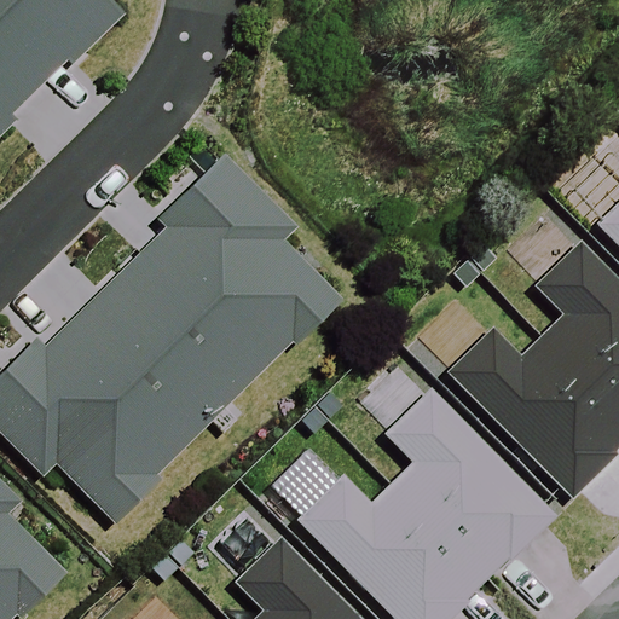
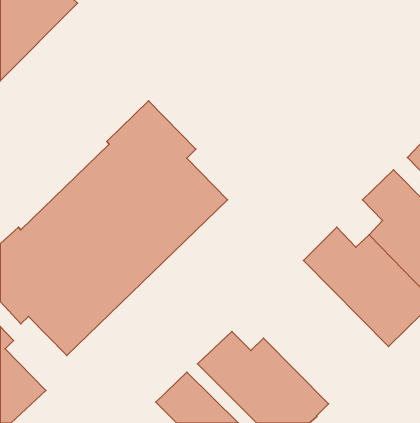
building: [381,397,553,586] -> none

